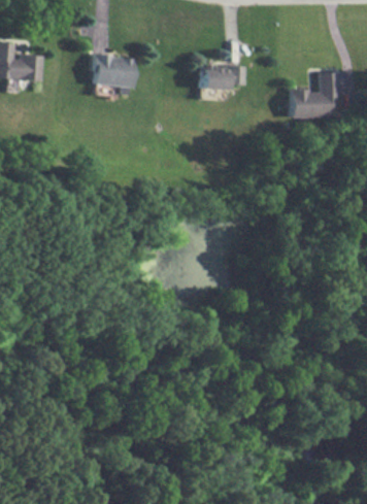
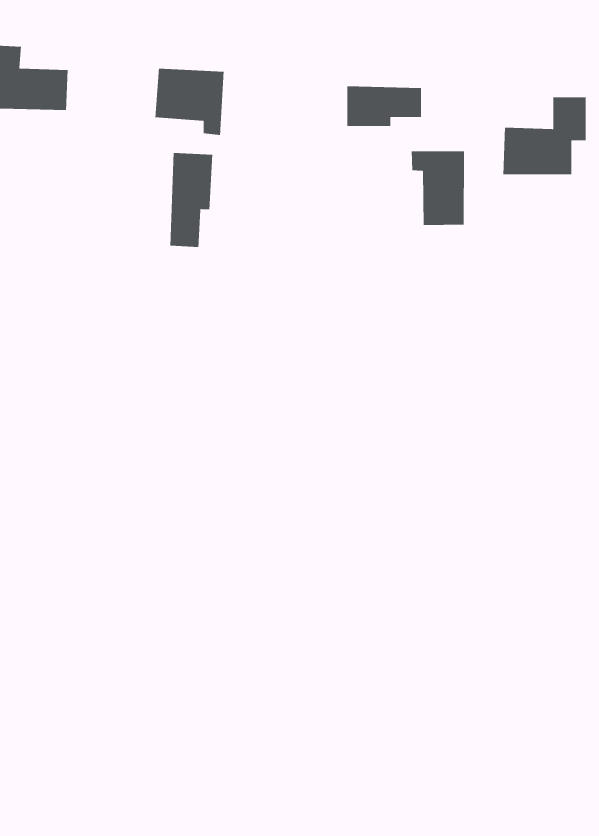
building: none -> [411,151,465,226]
building: none -> [169,152,213,248]

